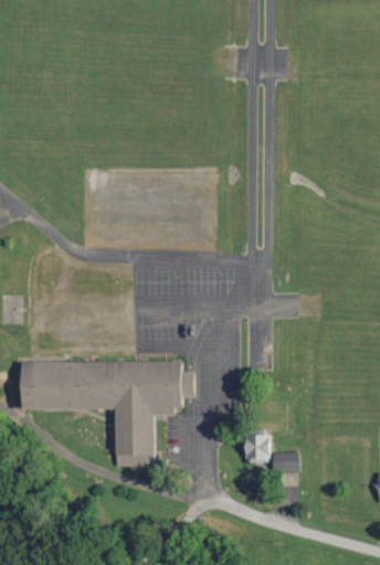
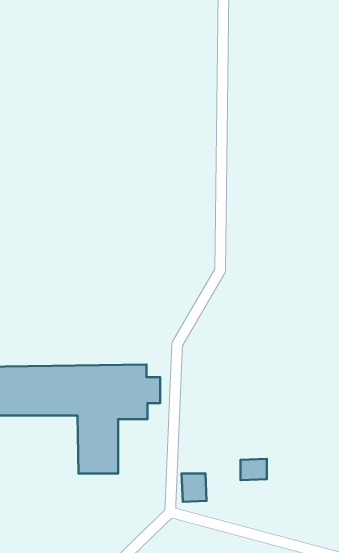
building: [245,435,270,462] -> [182,474,207,502]

